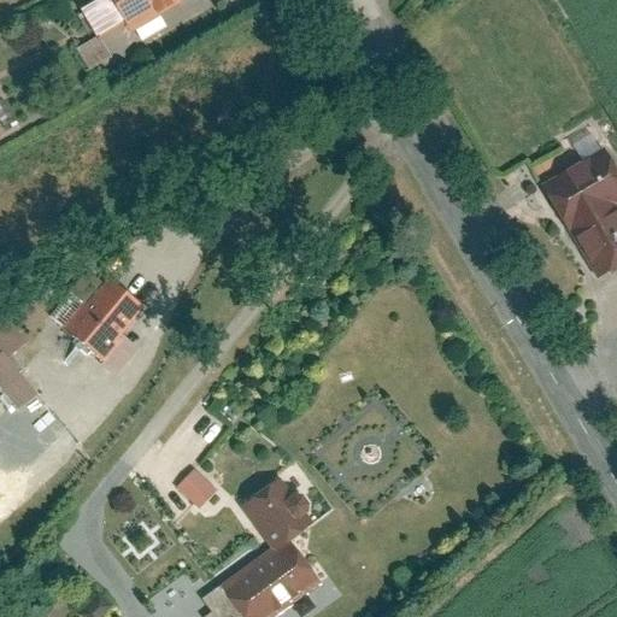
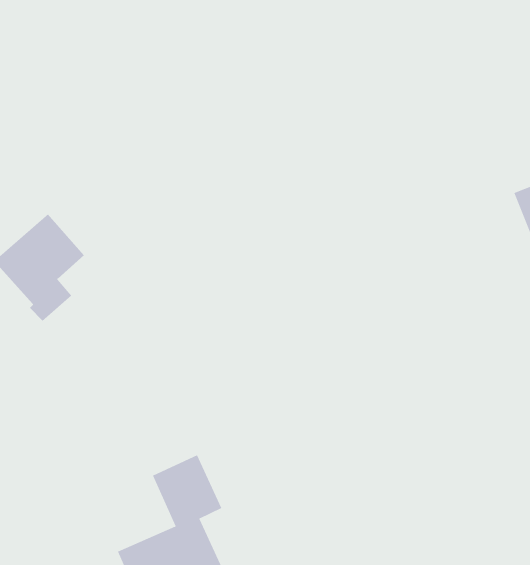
building: [177,468,217,509] -> none

